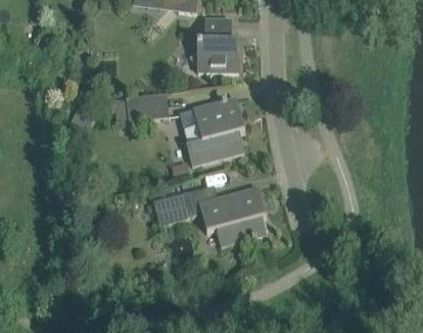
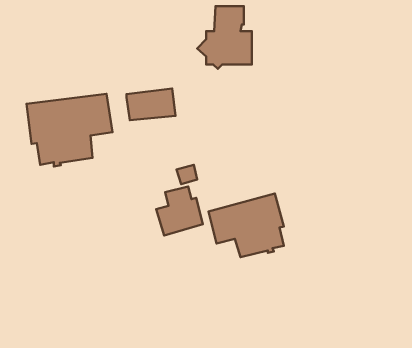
building: [183,97,244,165] -> none
building: none -> [26,94,112,167]

